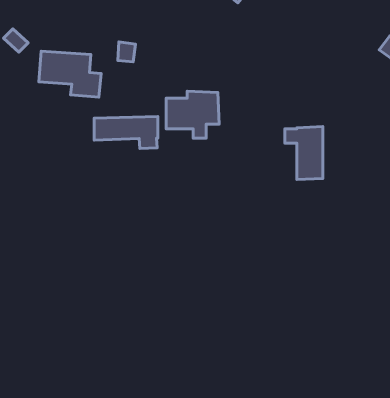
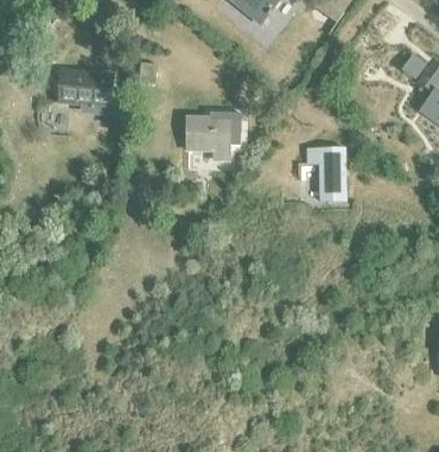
building: [94,116,158,148] -> none

